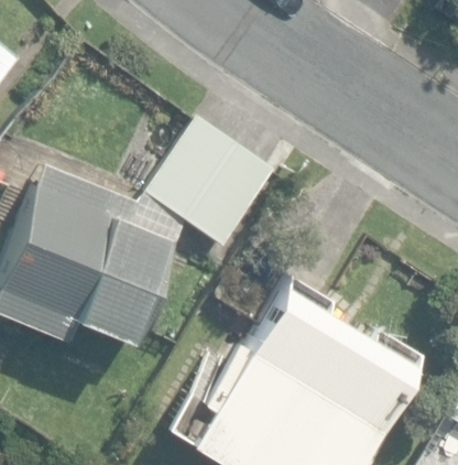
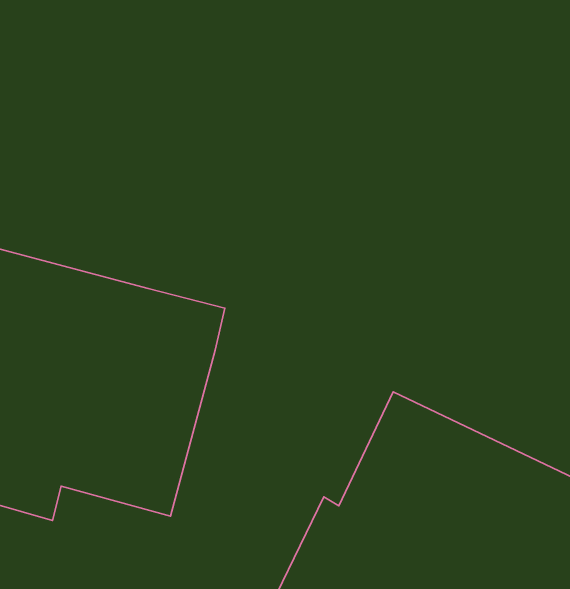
building: [142,113,276,246] -> none

